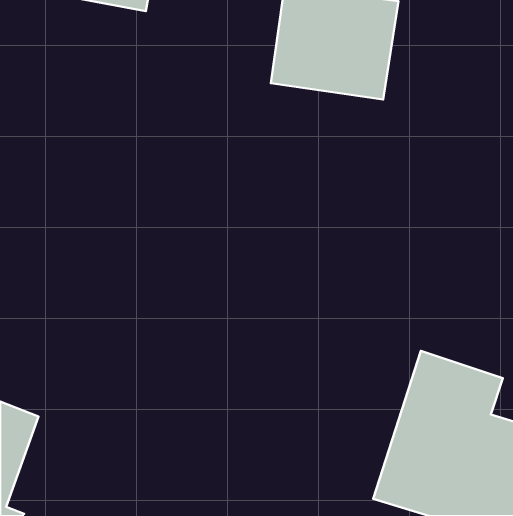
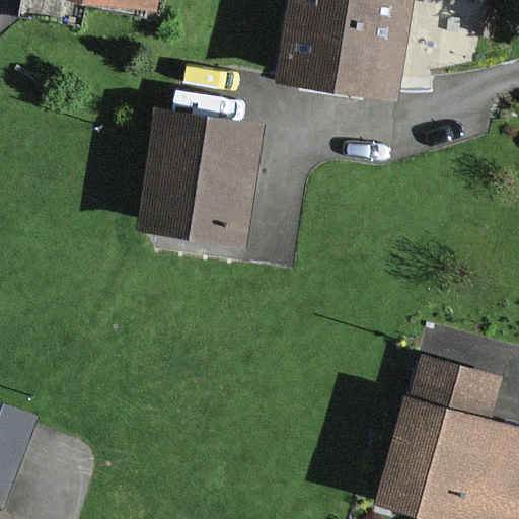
building: none -> [137,119,255,248]

